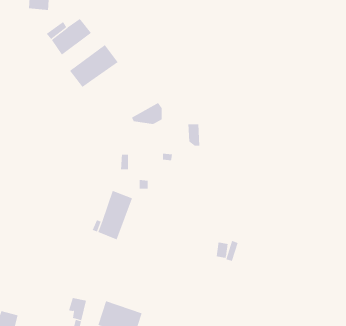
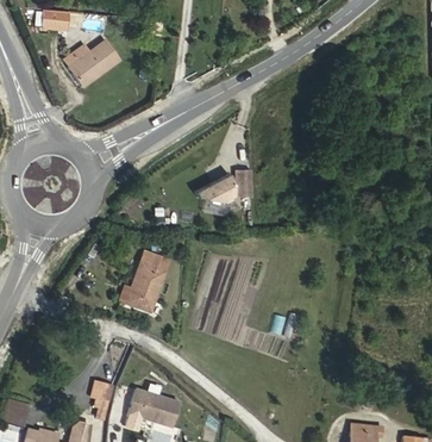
building: [69,44,118,88] -> none
building: [131,102,162,124] -> [196,173,234,200]

